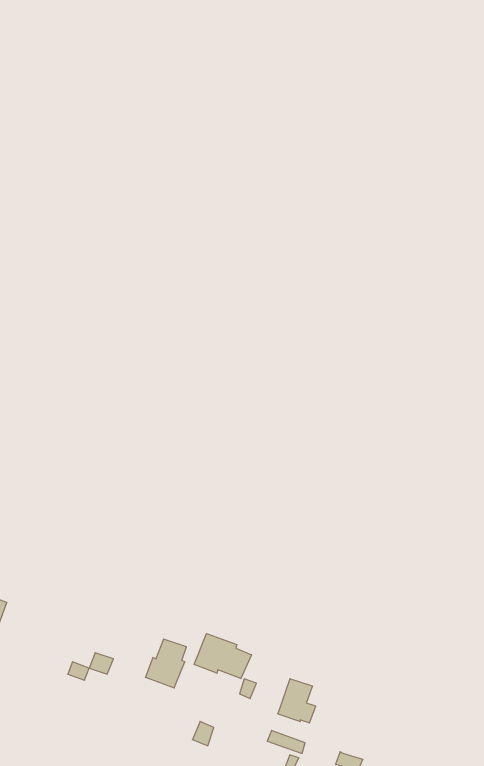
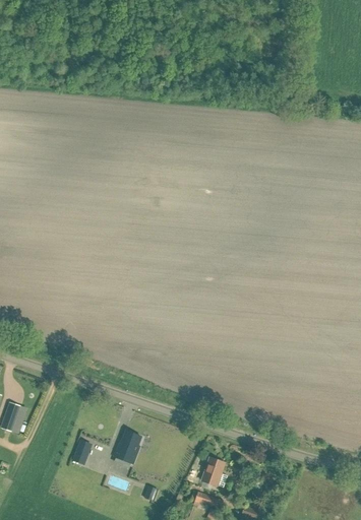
building: [194,634,251,679] -> none

